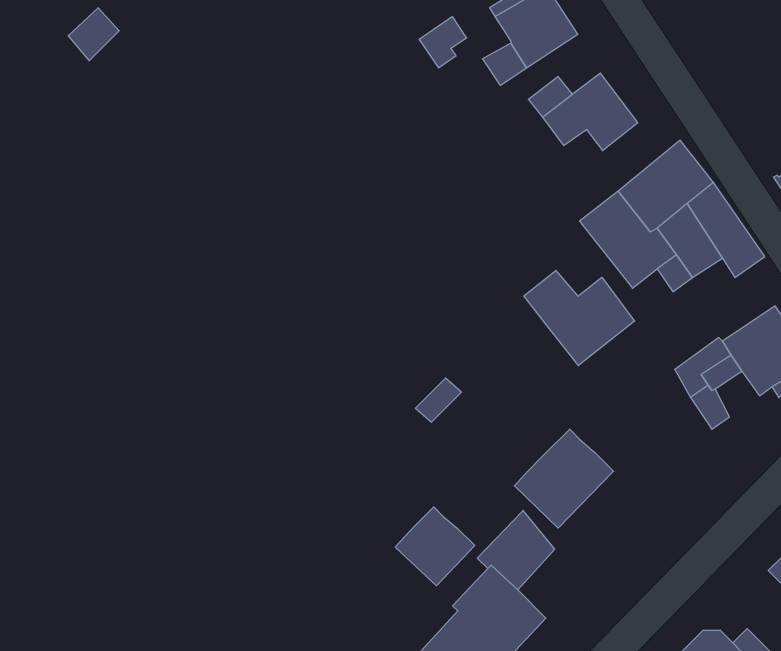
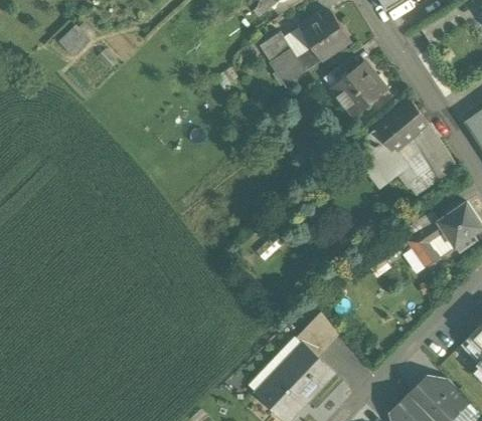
building: none -> [272,42,307,82]
building: [524,270,635,366] -> none
building: [514,429,614,528] -> none
building: [395,507,475,586] -> none

